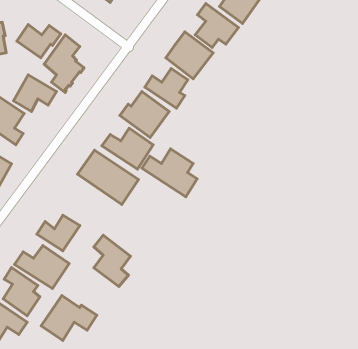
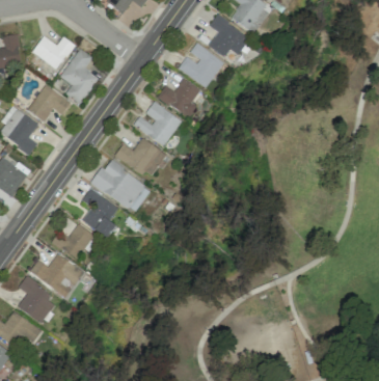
building: [142,149,197,197] -> none
building: [94,235,130,287] -> [82,188,118,239]
building: [41,295,97,341] -> none

